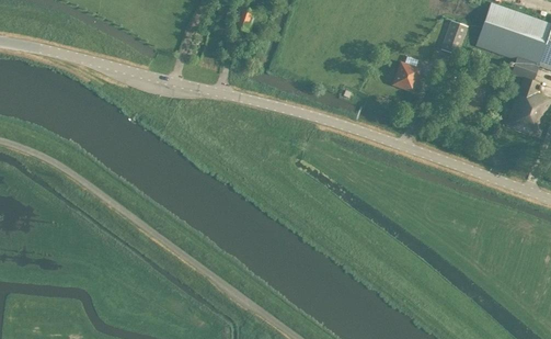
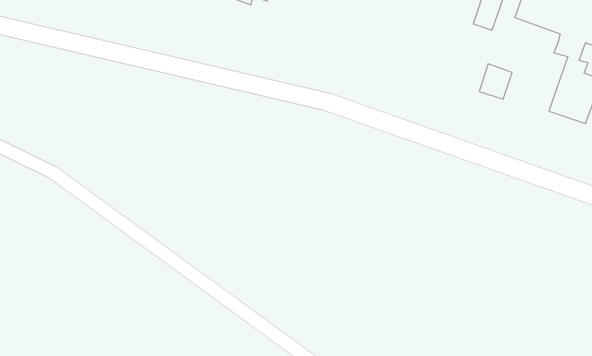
building: [392,60,421,91] -> [479,64,512,99]

